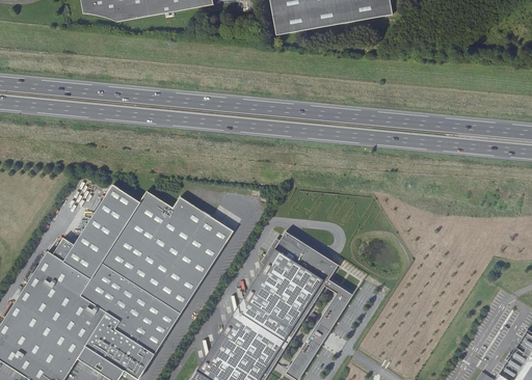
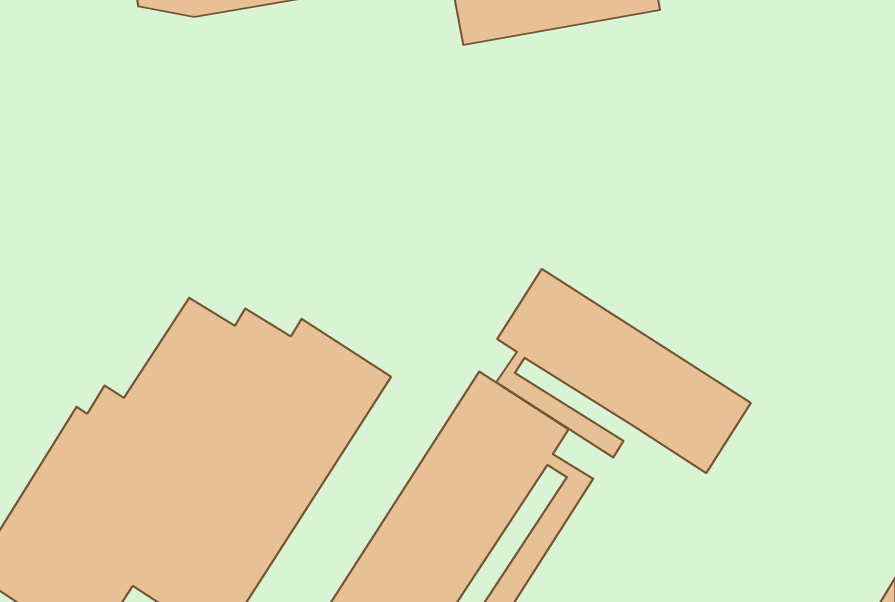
building: none -> [496,269,751,473]

